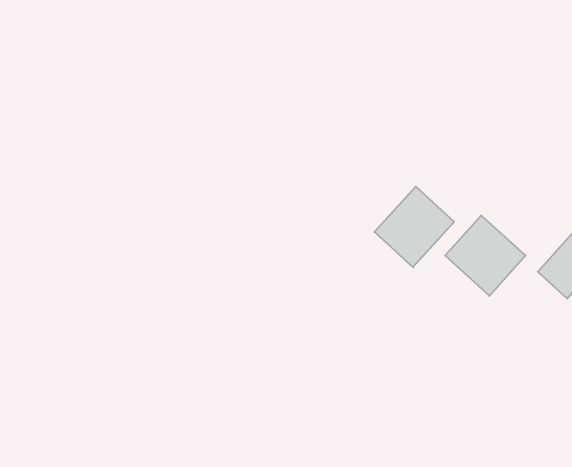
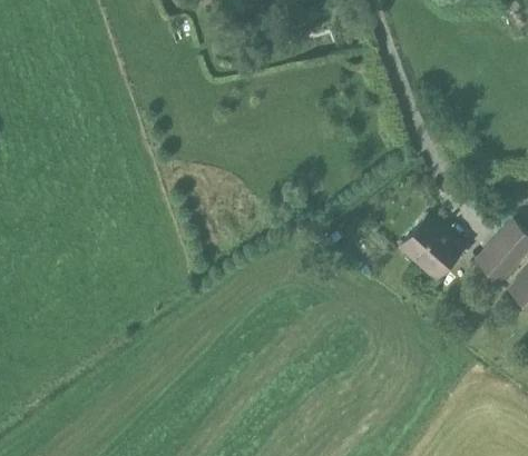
building: [374,187,454,267] -> none

